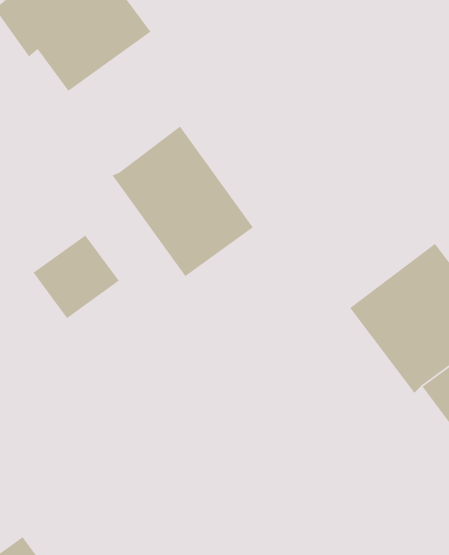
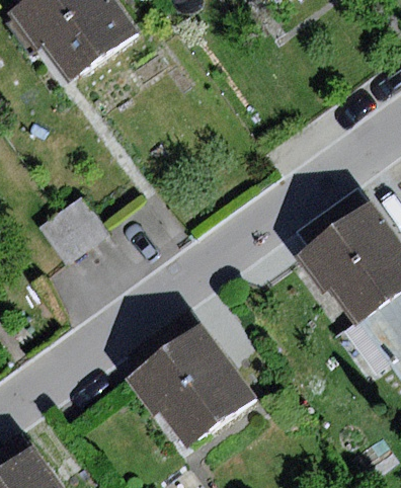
building: [112,126,254,277] -> none
building: none -> [125,325,251,442]

